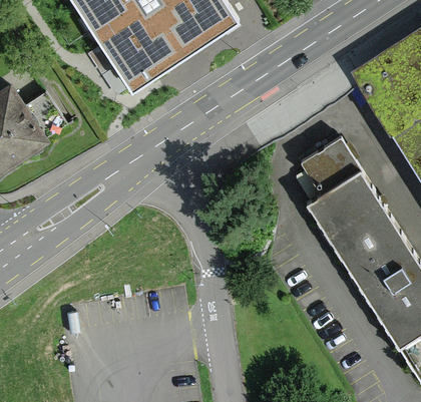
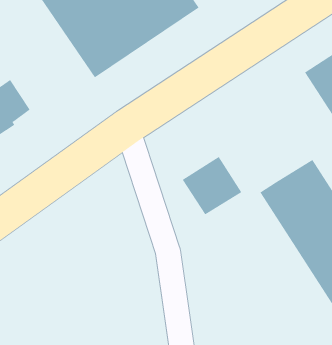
building: [301,139,364,202] -> [182,156,242,215]

